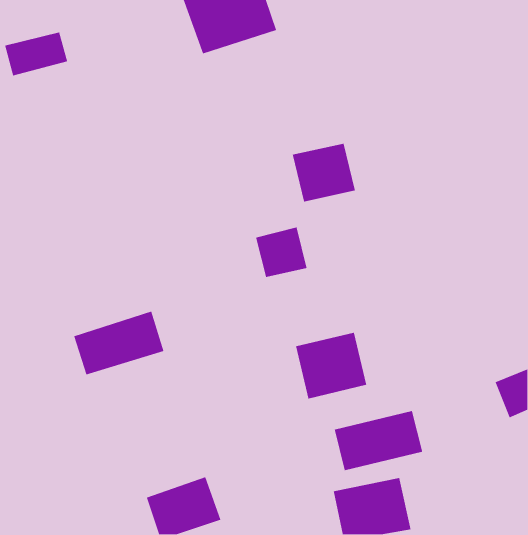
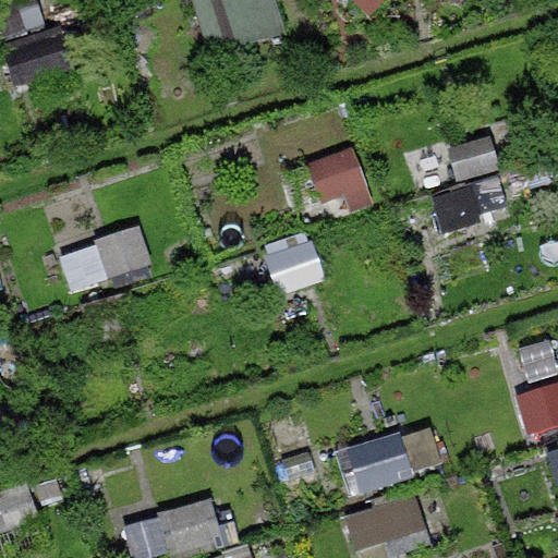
building: none -> [432,138,508,227]
building: [73,310,165,376] -> [59,226,154,293]
building: [295,332,367,399] -> none

